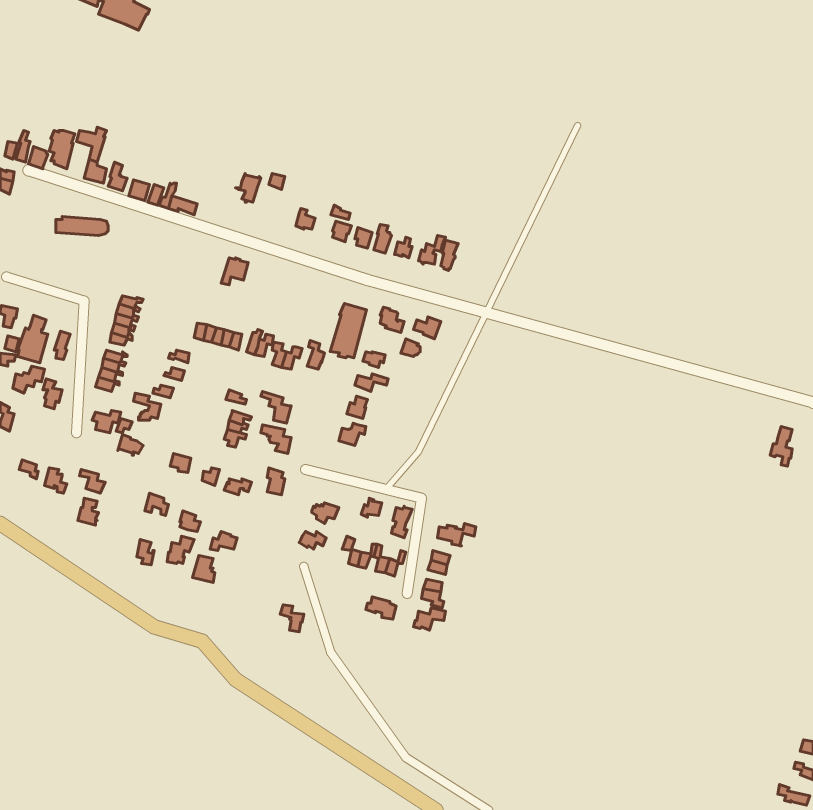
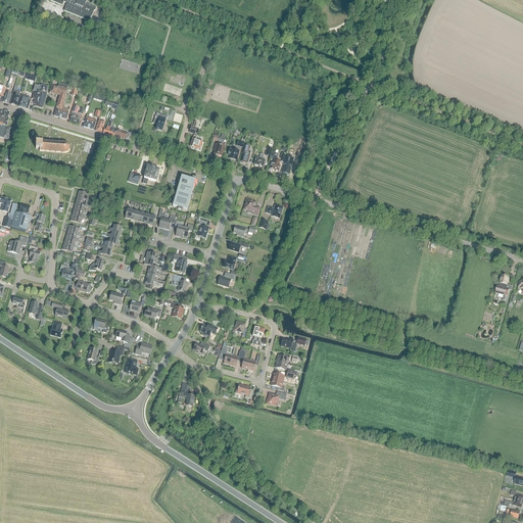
building: [330,304,367,358] -> [172,175,195,209]

